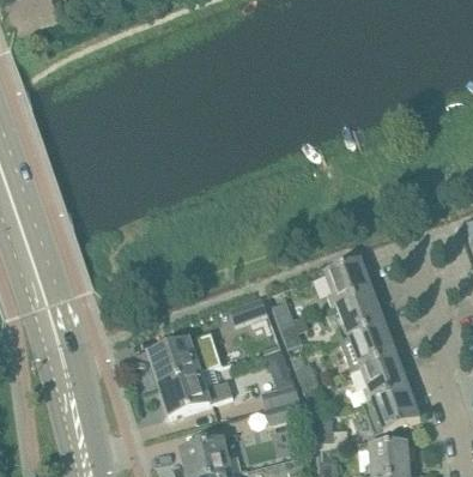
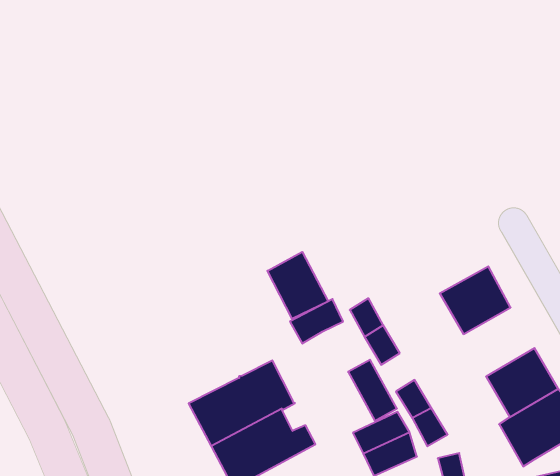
building: [323,258,372,303] -> none
building: none -> [267,252,328,319]
building: [339,321,395,369] -> none

